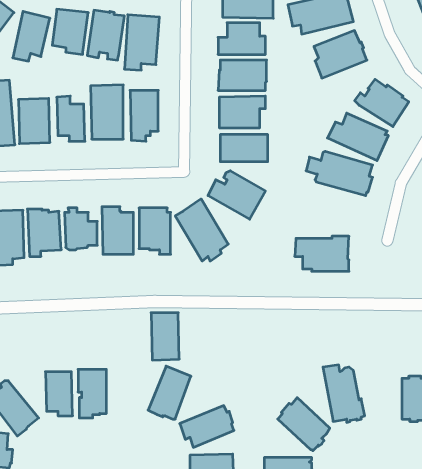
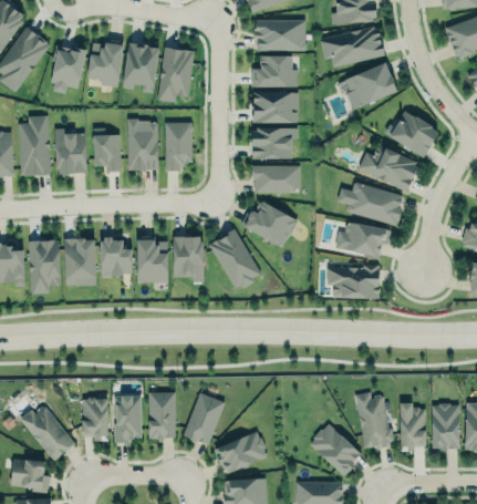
building: none -> [336,222,391,259]
building: [151,313,179,360] -> [148,392,176,439]
building: none -> [400,402,426,451]

